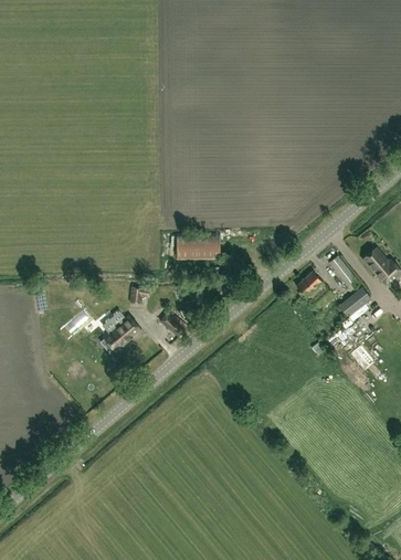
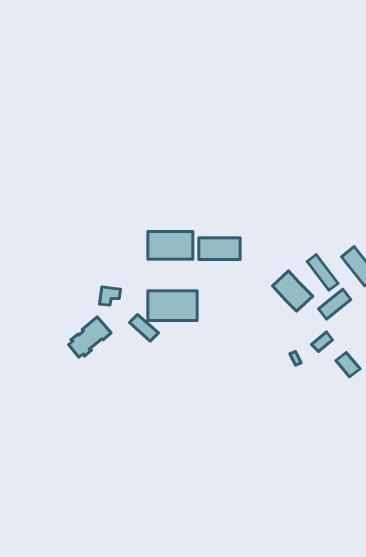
building: none -> [199,238,240,260]
building: none -> [148,291,197,321]

